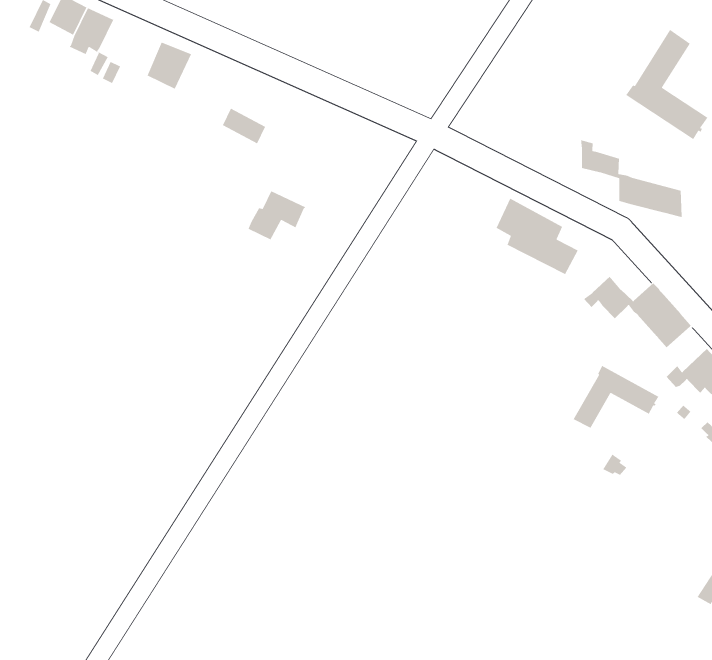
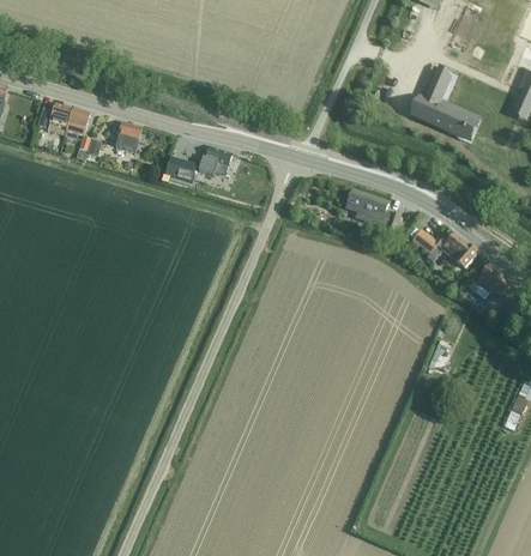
building: [580,139,684,218] -> none
building: [248,190,307,240] -> [198,147,233,179]
building: [573,365,659,429] -> none

